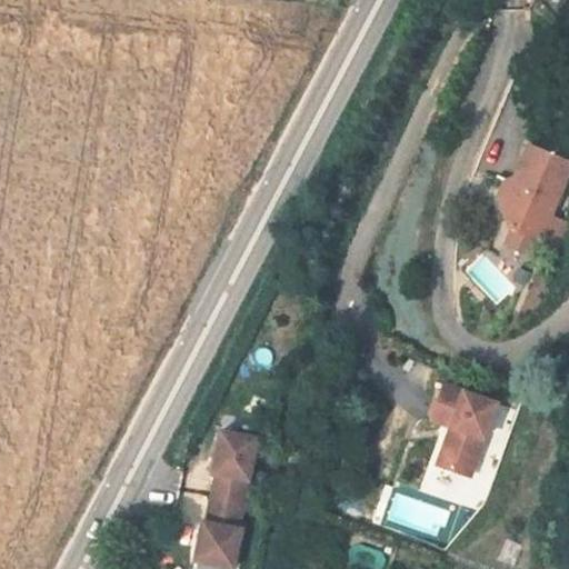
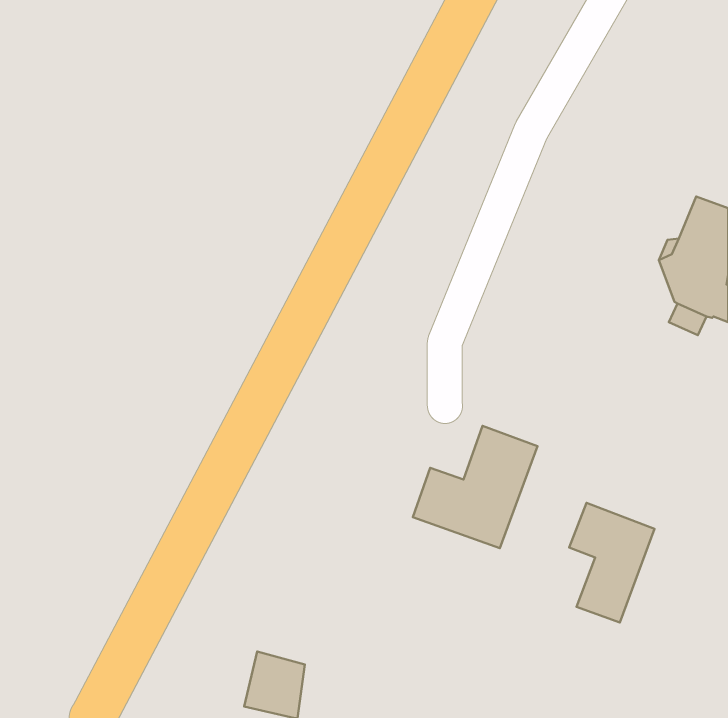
building: none -> [413,426,537,548]
building: [198,412,253,511] -> none

